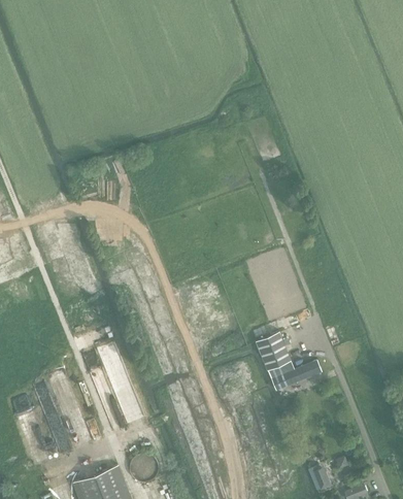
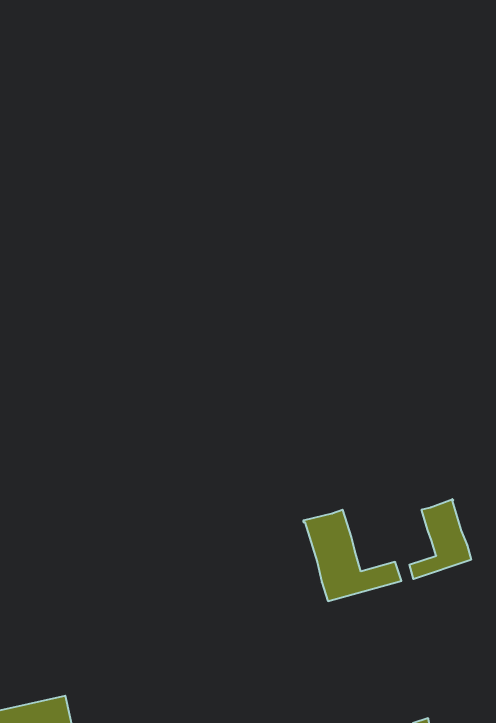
building: none -> [409,499,471,579]

